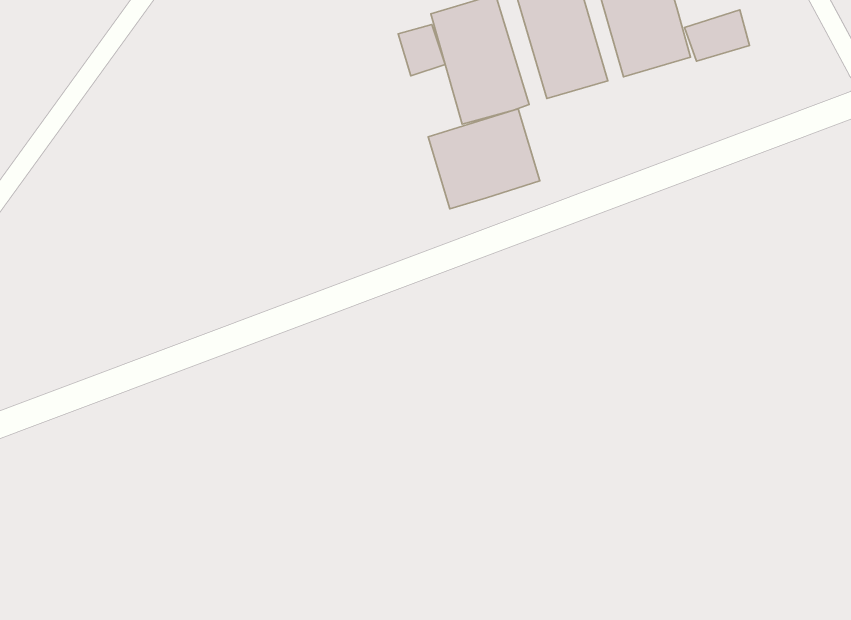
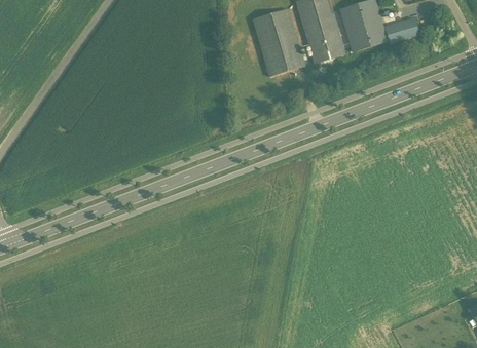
building: [398,24,445,76] -> none
building: [428,109,540,209] -> none

